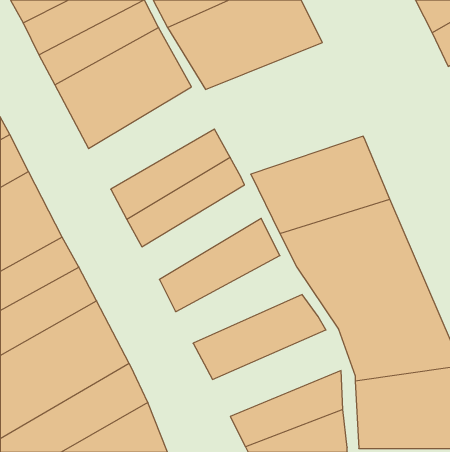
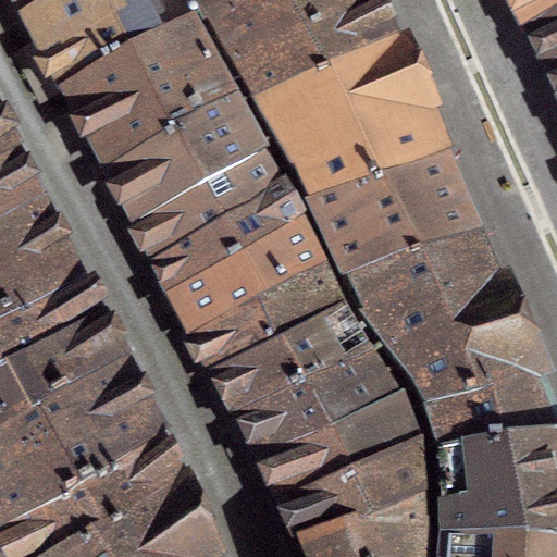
building: none -> [256,52,449,214]
building: none -> [112,107,267,233]
building: none -> [177,227,324,344]
building: none -> [220,314,374,422]
building: none -> [264,406,422,512]

